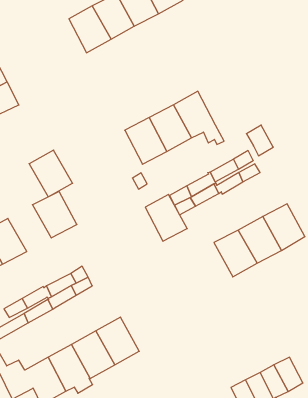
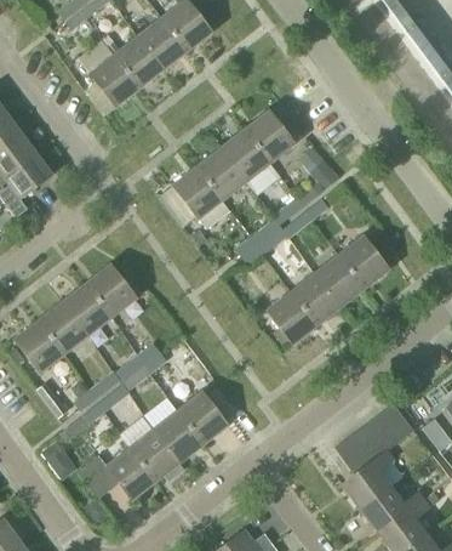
building: none -> [246,110,296,163]
building: [29,150,73,197] -> [62,283,113,335]
building: [145,194,187,241] -> [268,291,317,343]

